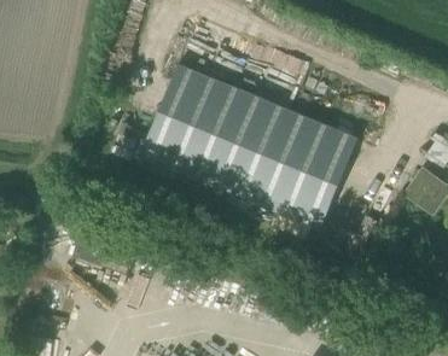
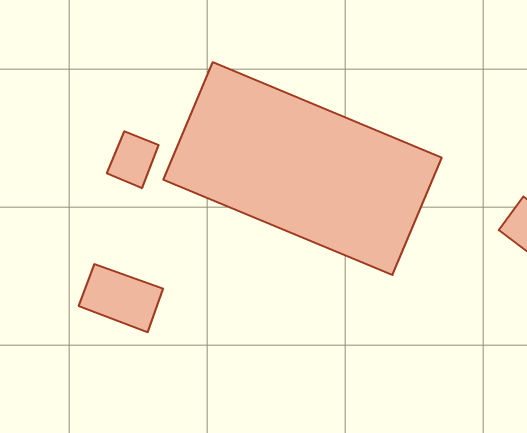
building: none -> [107,131,159,188]

